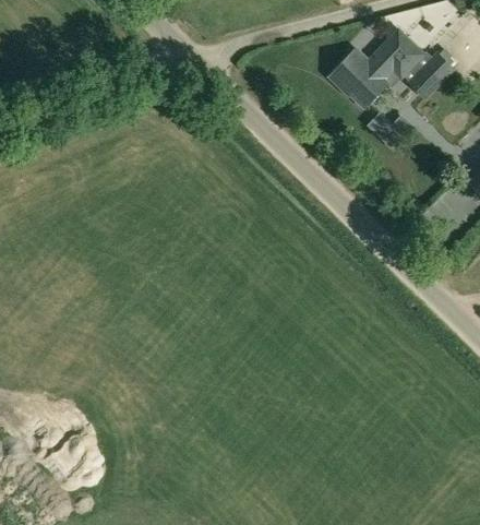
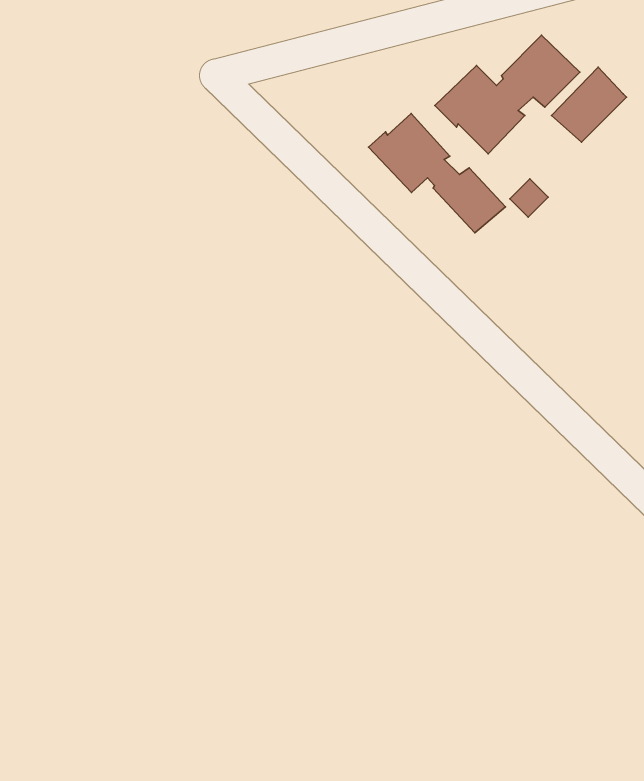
building: none -> [368,114,506,233]

